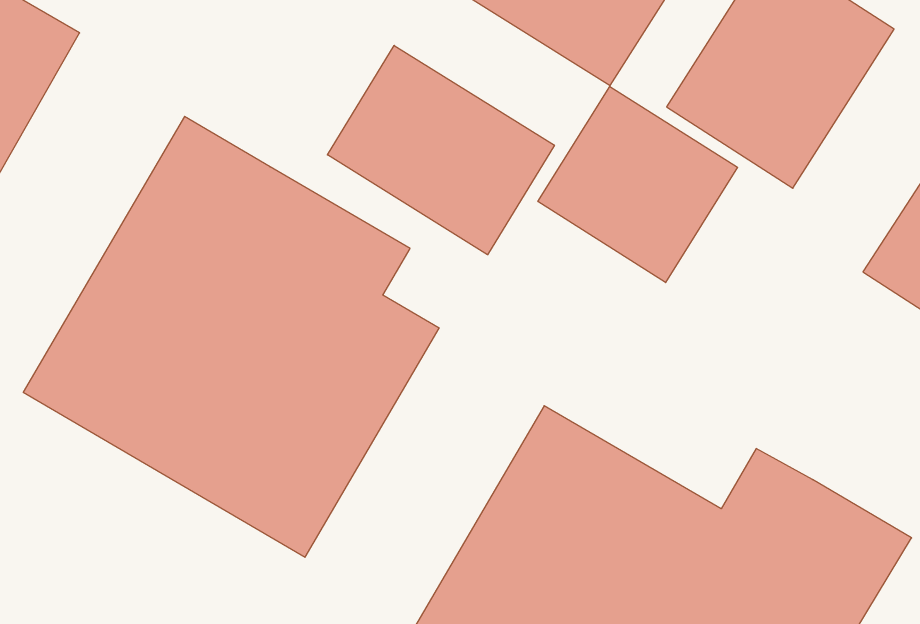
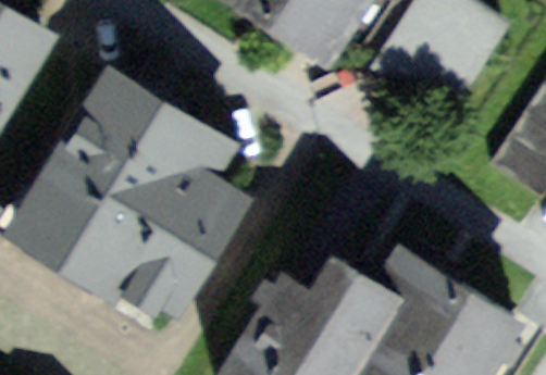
building: [327,45,554,255] -> none
building: [538,86,738,283] -> none

